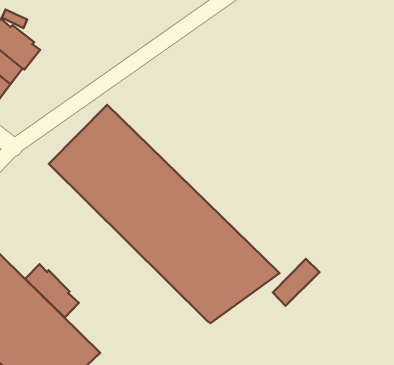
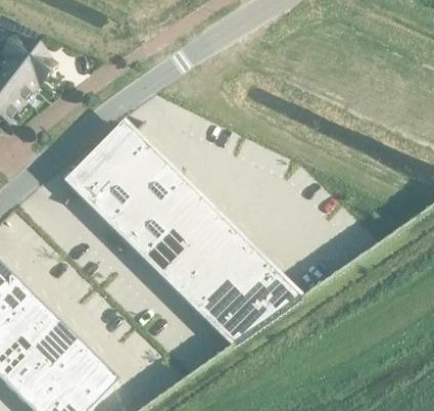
building: [273,259,319,306] -> none
building: [25,264,79,317] -> none

